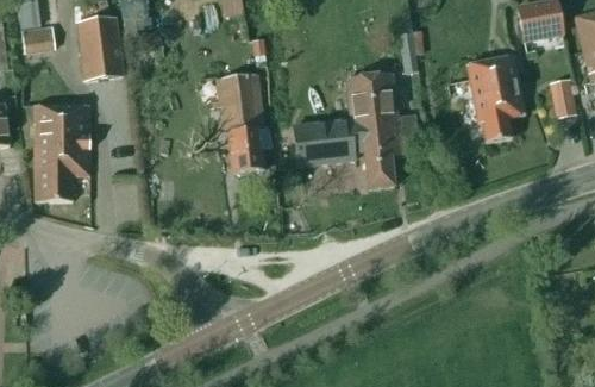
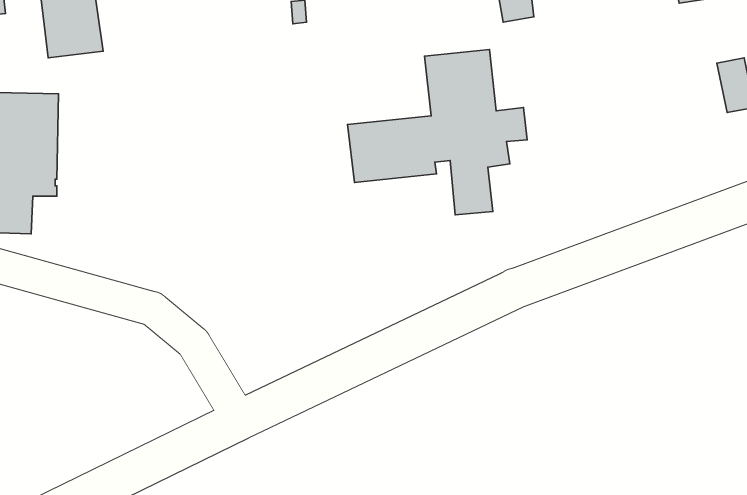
building: [465,56,525,142] -> none
building: [213,73,270,173] -> none

